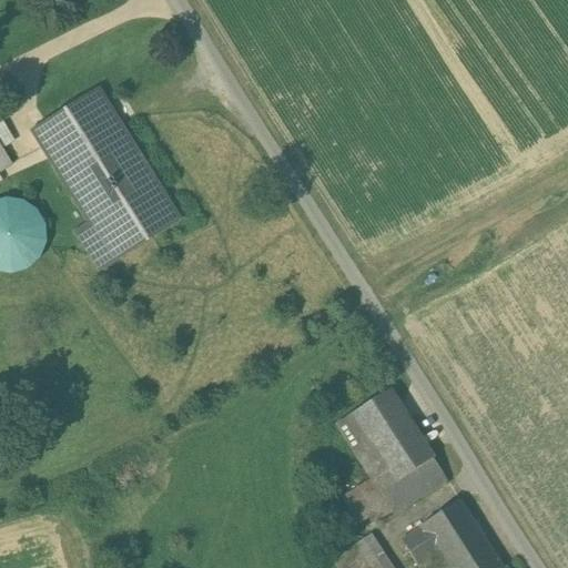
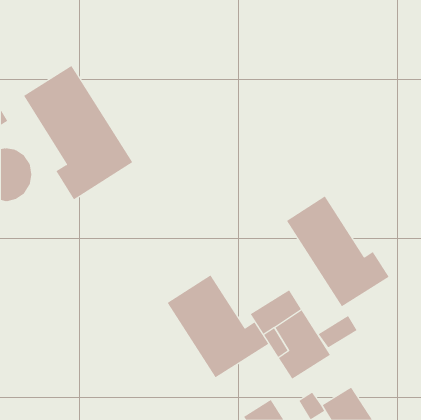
building: none -> [286,195,389,307]
building: none -> [167,274,269,378]
building: [420,499,474,544] -> [318,315,357,348]

